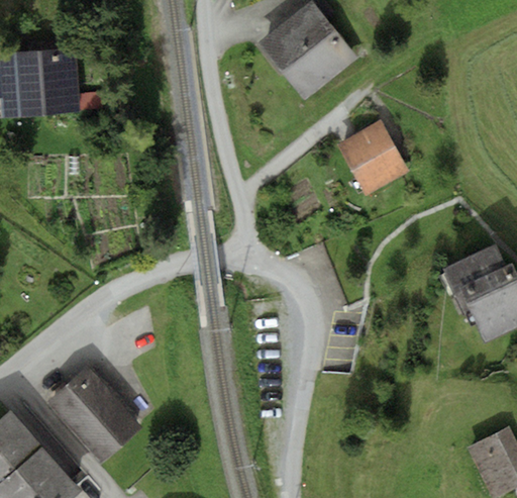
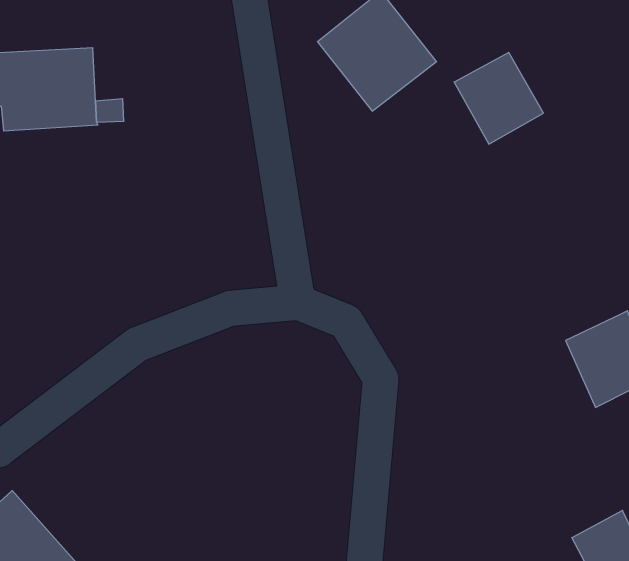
building: [338,120,411,195] -> [454,52,543,144]
building: [442,244,506,291] -> none
building: [49,367,142,462] -> none

